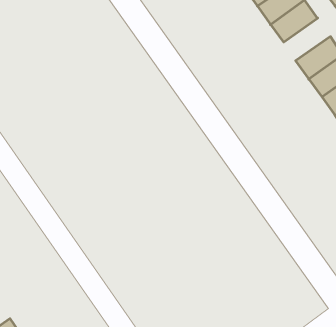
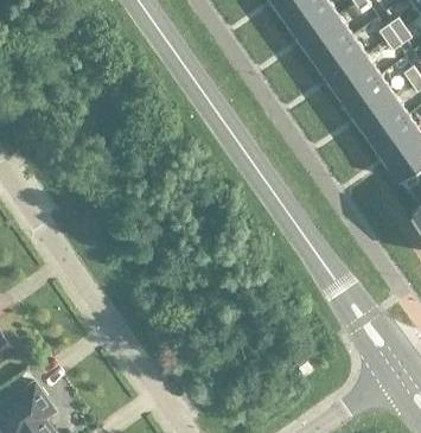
building: none -> [330,56,381,102]

